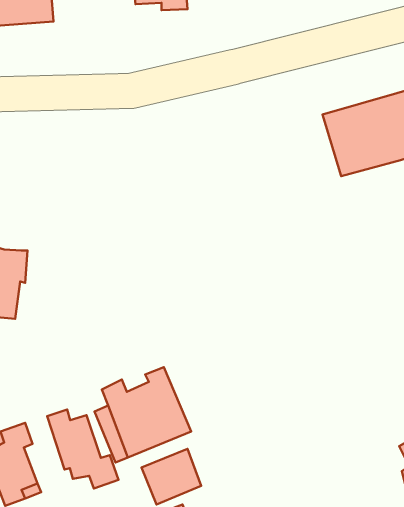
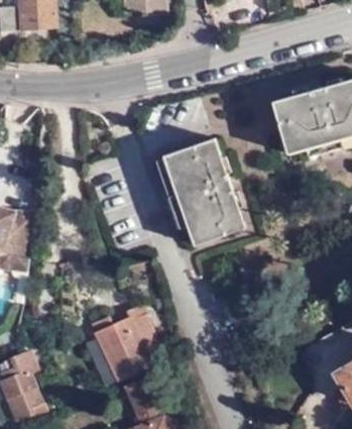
building: none -> [162,137,245,243]
building: [47,410,118,489] -> none

